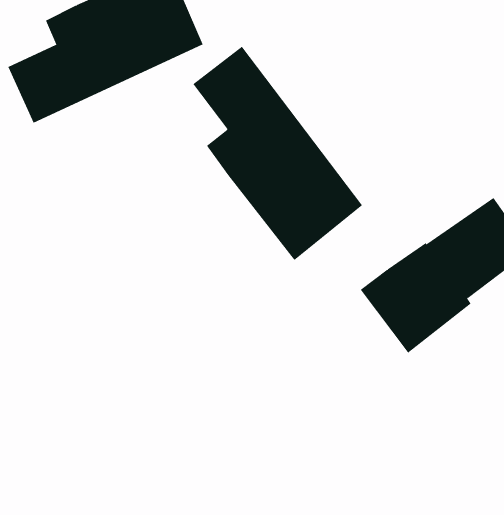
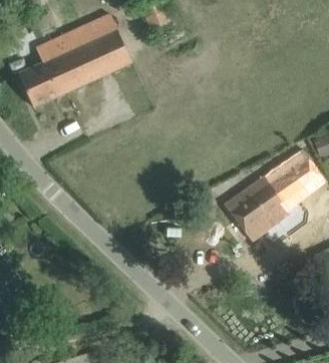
building: [192,46,363,261] -> none

